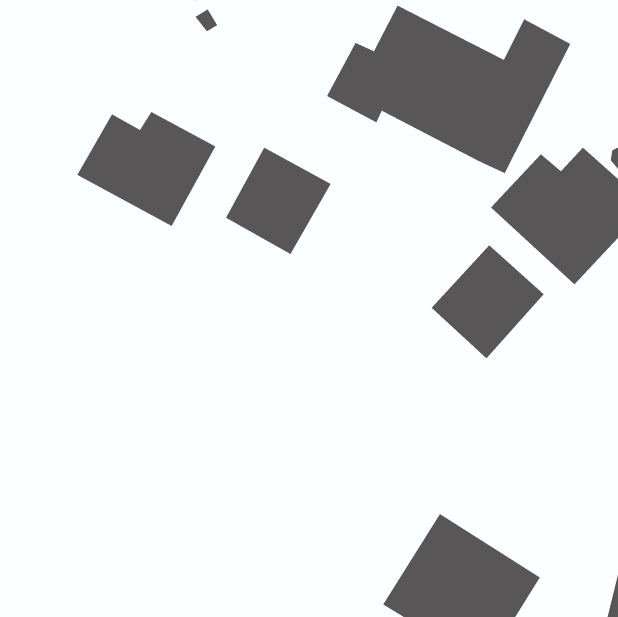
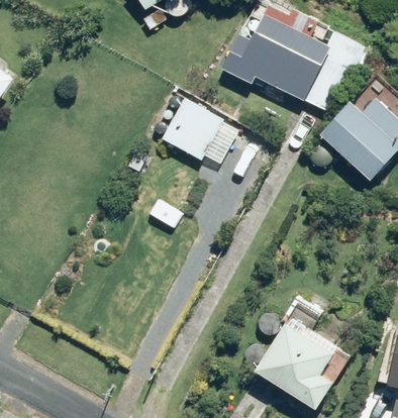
building: [77,111,216,227] -> none
building: [431,244,544,359] -> none

